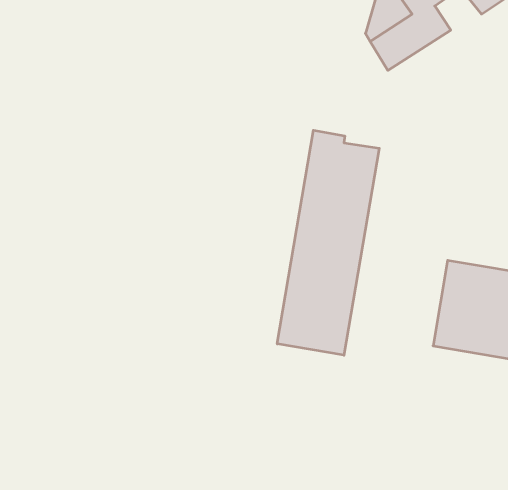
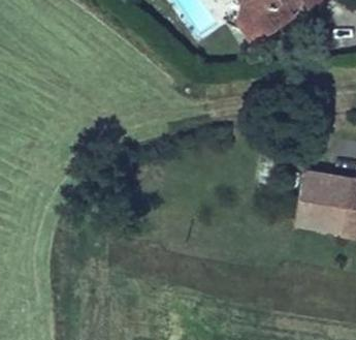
building: [277,130,379,355] -> none

